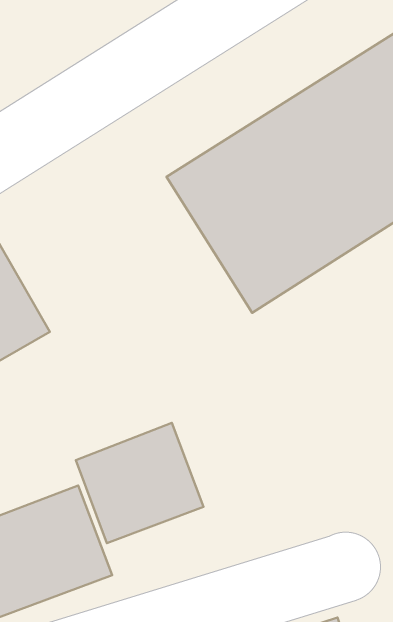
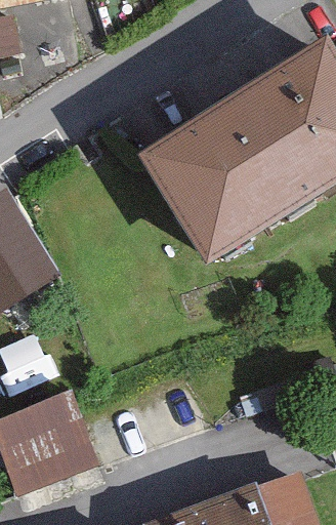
building: [76,423,204,543] -> none

